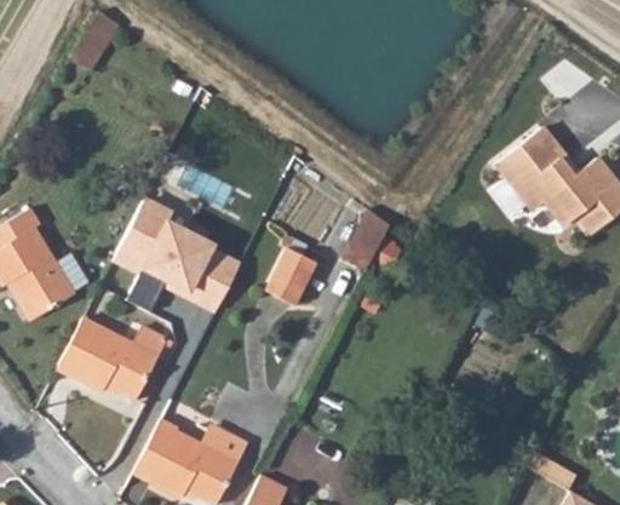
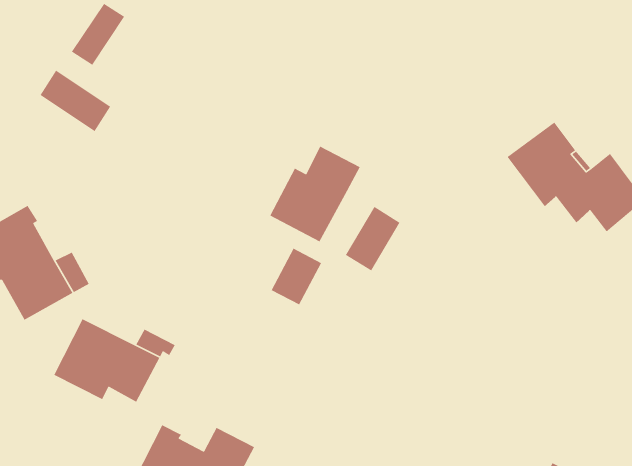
building: none -> [40,69,111,132]
building: none -> [269,146,361,243]
building: [115,200,234,303] -> none

